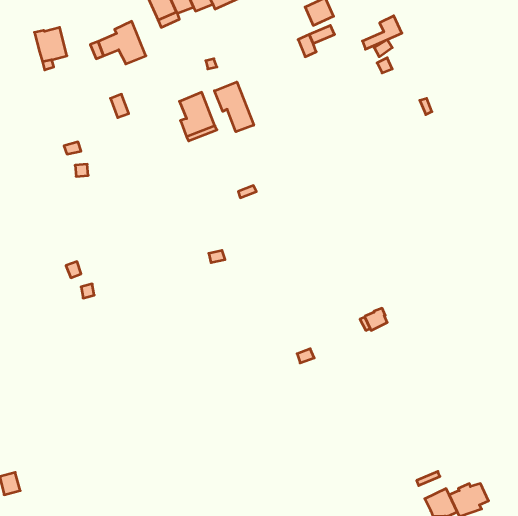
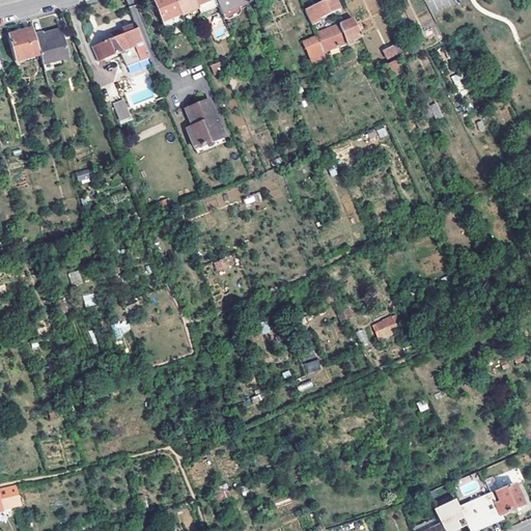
building: [362,16,402,49] -> [320,19,361,53]
building: none -> [8,27,40,60]
building: [214,82,254,132] -> none
building: none -> [492,483,524,514]

